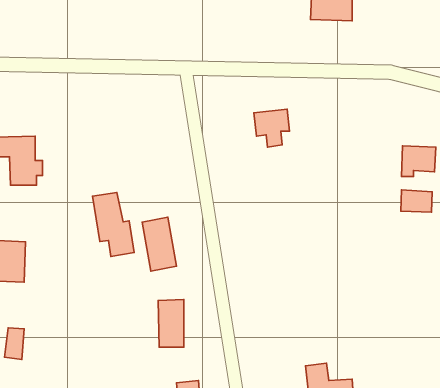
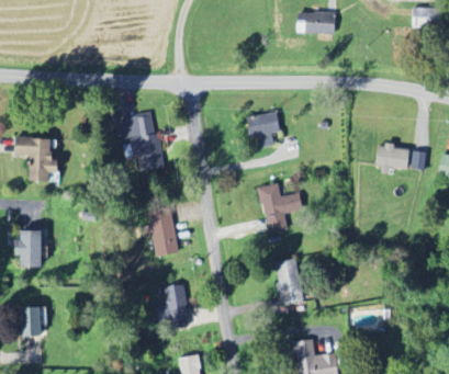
building: none -> [259,183,301,231]
building: [401,190,432,212] -> none
building: [92,192,134,256] -> [125,113,162,170]
building: none -> [276,259,301,303]

